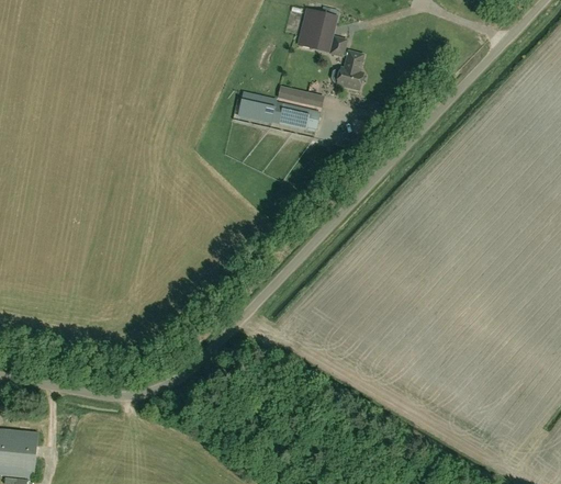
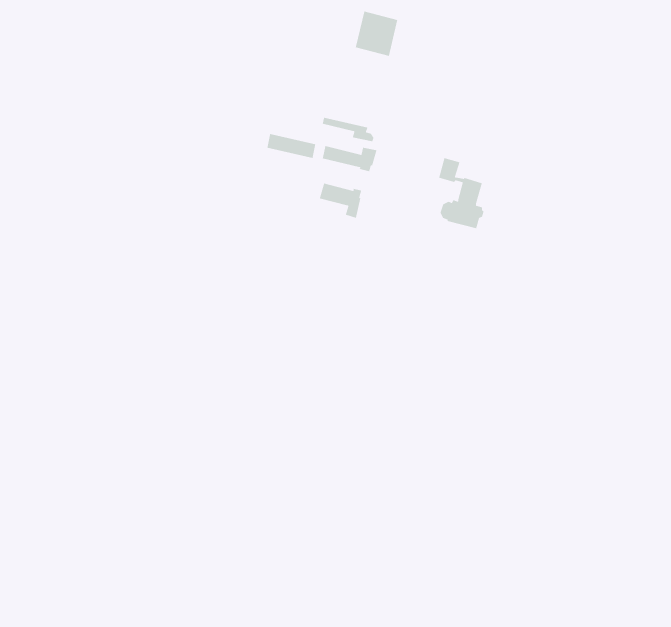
building: [328,36,362,89] -> [438,157,484,229]
building: none -> [319,182,362,219]

